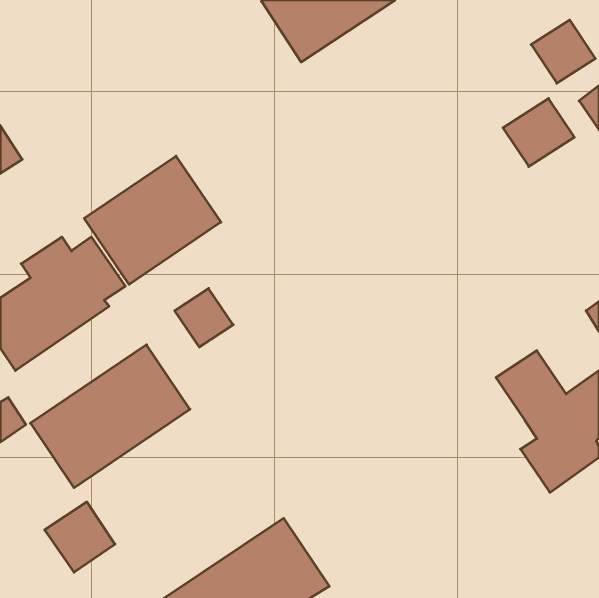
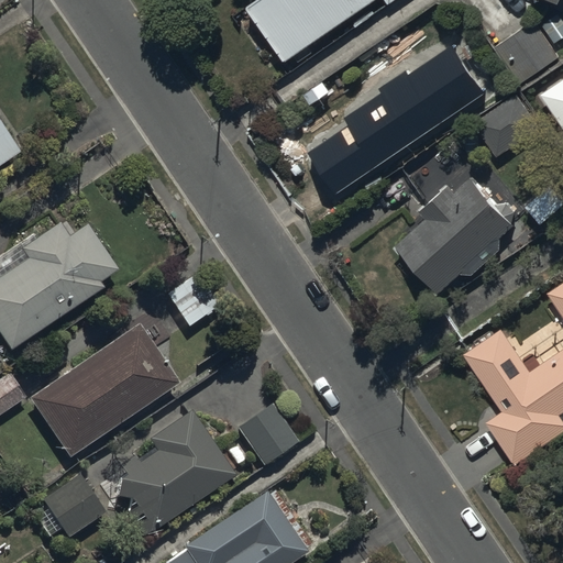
building: none -> [308,43,487,194]
building: [84,156,221,284] -> none
building: none -> [393,175,515,295]
building: none -> [238,401,300,465]
building: none -> [113,409,235,532]

